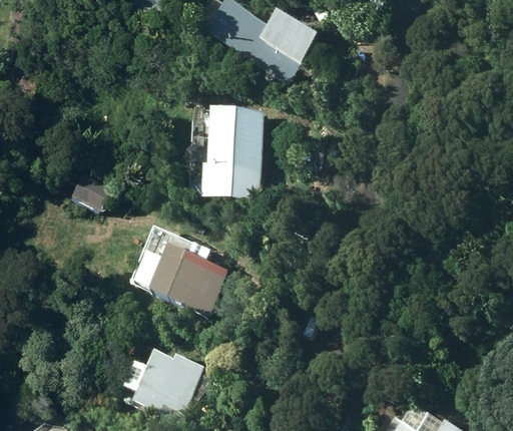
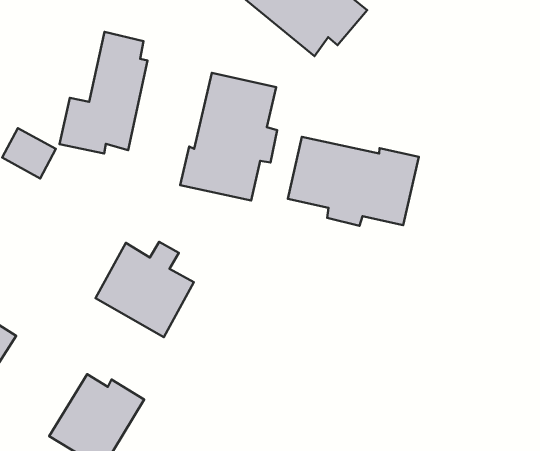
building: none -> [59,32,147,153]
building: none -> [288,137,419,226]

